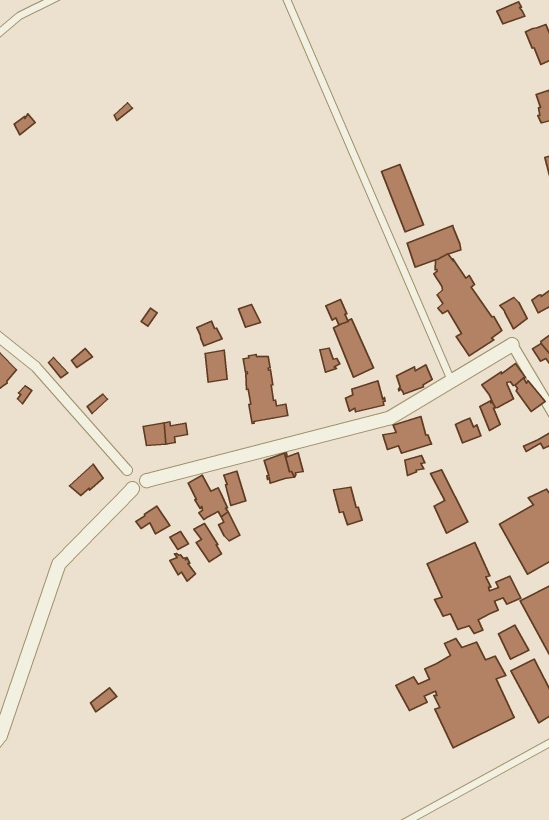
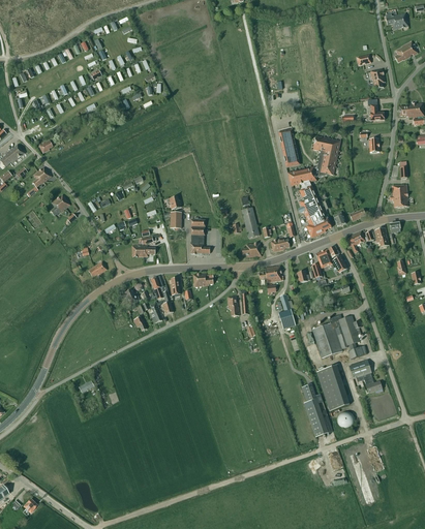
building: none -> [312,136,340,178]
building: [427,542,521,634] -> none
building: [396,639,514,748] -> none

